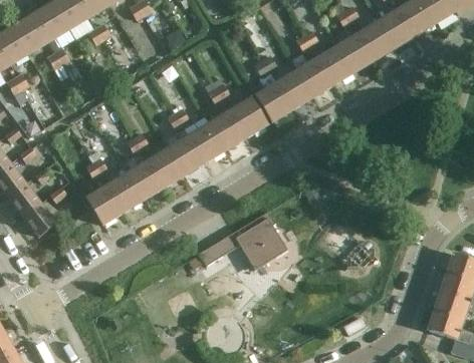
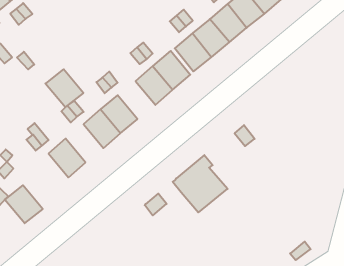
building: [187,121,225,161] -> none
building: [126,158,164,199] -> [45,69,83,107]
building: [84,184,123,224] -> [5,185,43,223]

